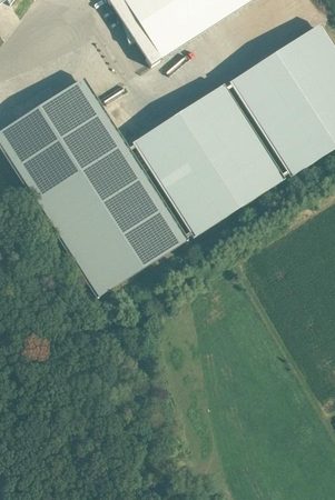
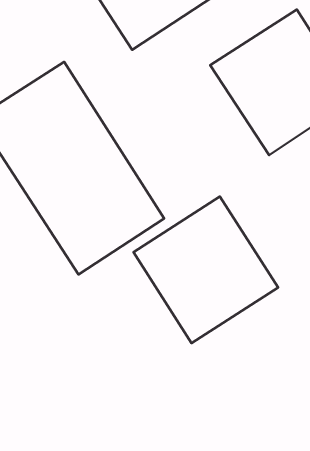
building: [135,86,282,234] -> [133,196,278,343]

